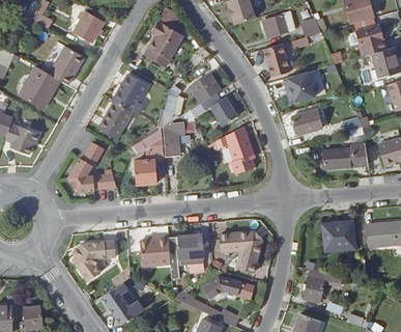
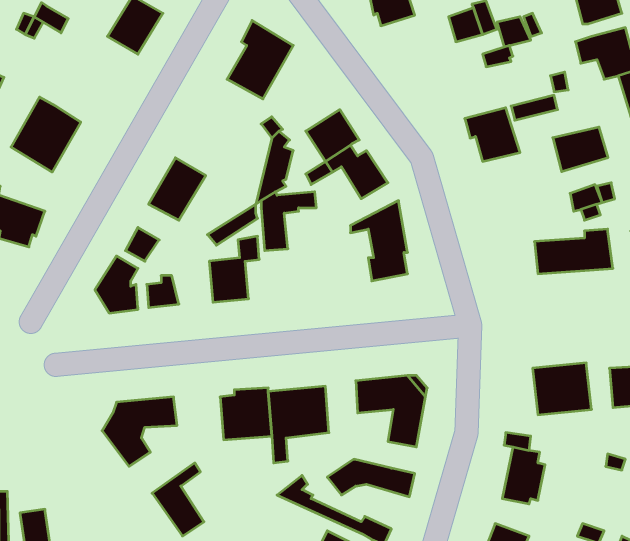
building: [46,44,83,83] -> none
building: [264,44,290,76] -> none
building: [113,74,147,111] -> none
building: [292,109,324,135] -> [553,127,608,172]

